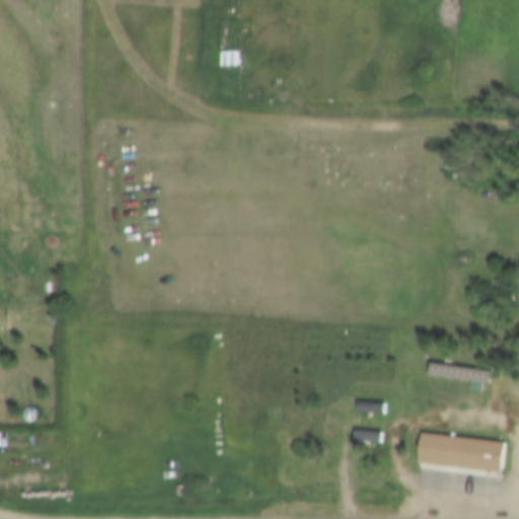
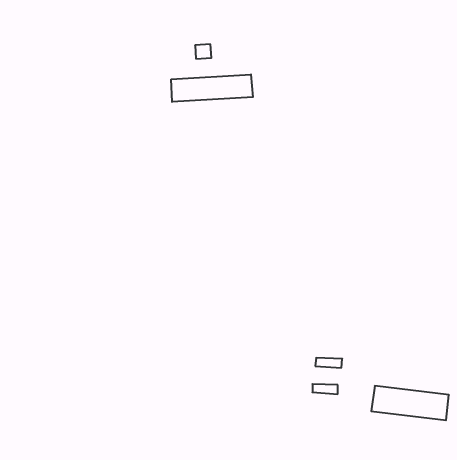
building: none -> [171,74,253,102]
building: [427,362,491,389] -> none

